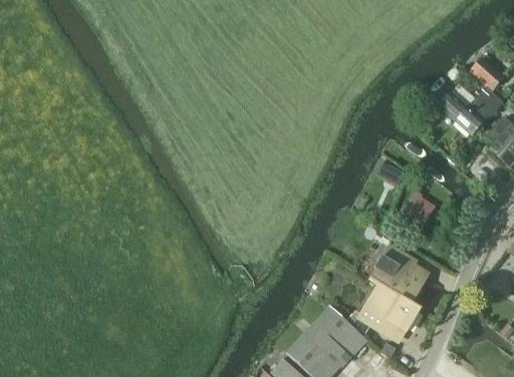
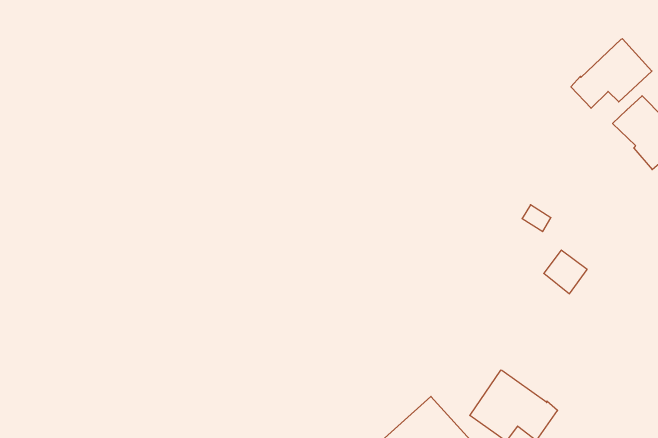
building: none -> [571,39,652,108]
building: [368,247,424,305] -> none

